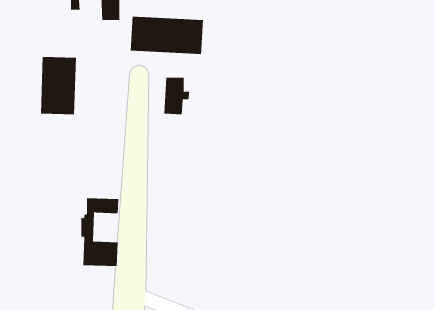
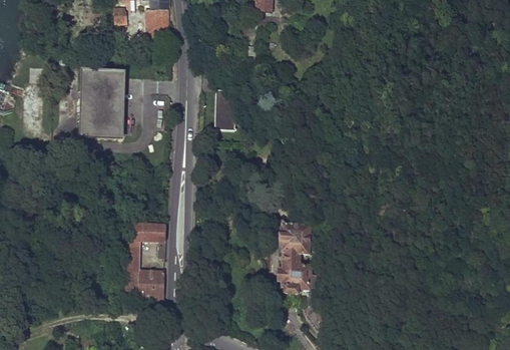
building: [130,16,204,55] -> none
building: none -> [283,224,319,293]

